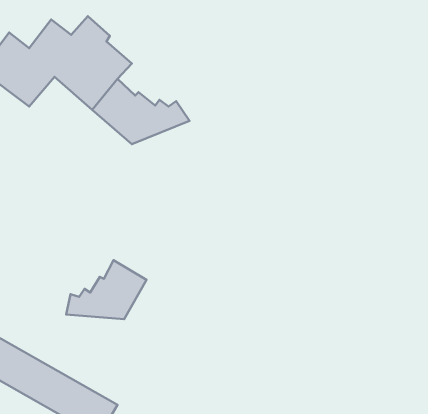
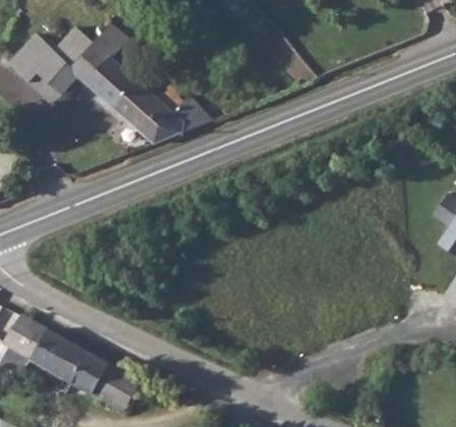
building: [66,260,146,319] -> none

